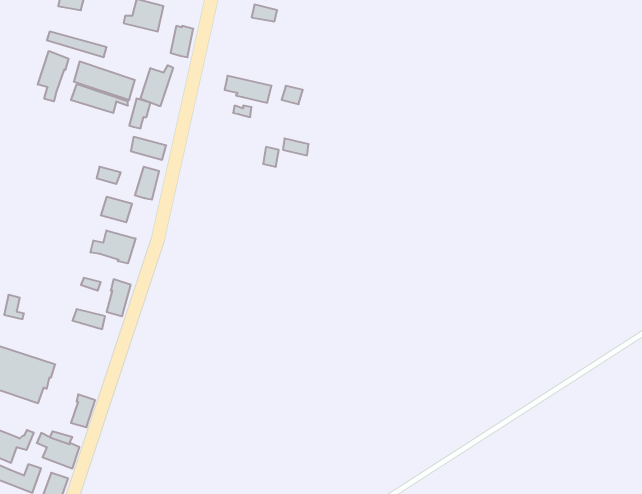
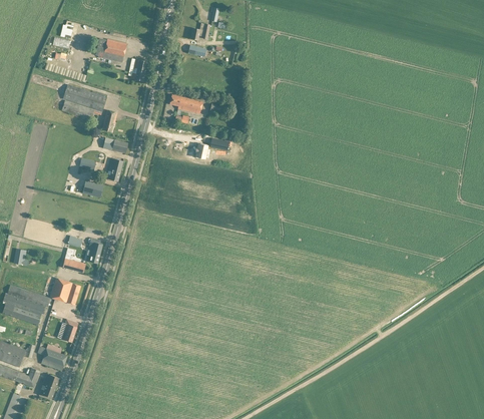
building: [38,51,69,101] -> none
building: [140,65,173,106] -> none
building: [91,230,136,263] -> none
building: none -> [49,277,79,304]

